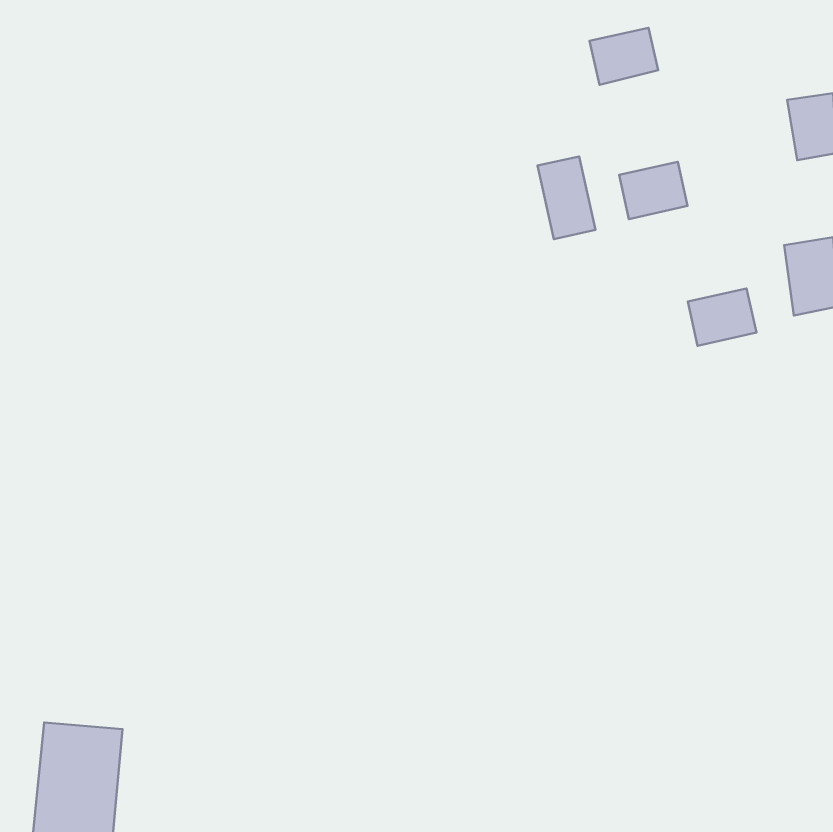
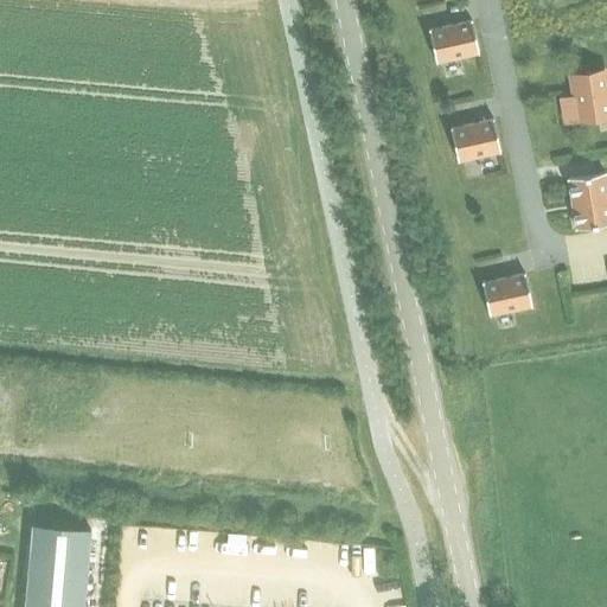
building: [538,156,595,239] -> none
building: [688,288,756,346] -> [480,276,530,318]

